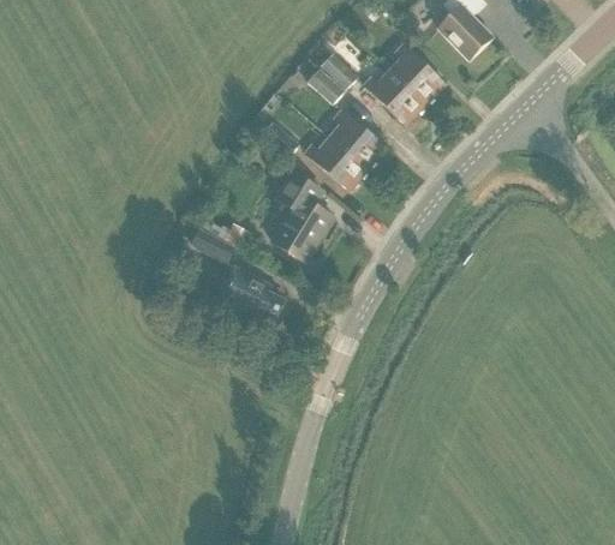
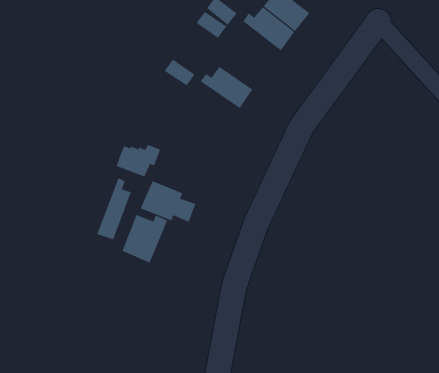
building: [329,108,387,168] -> none
building: [273,172,334,262] -> none
building: none -> [97,177,132,240]
building: none -> [122,214,168,264]

